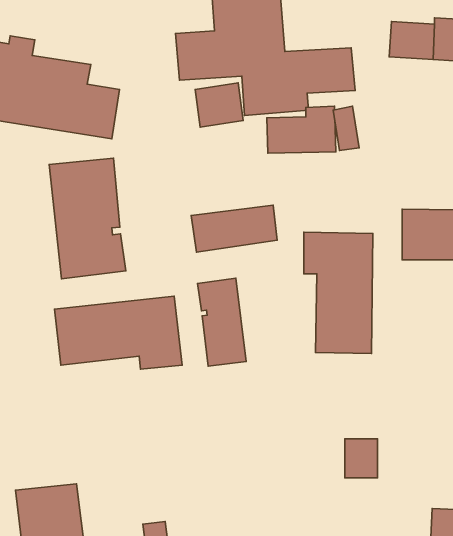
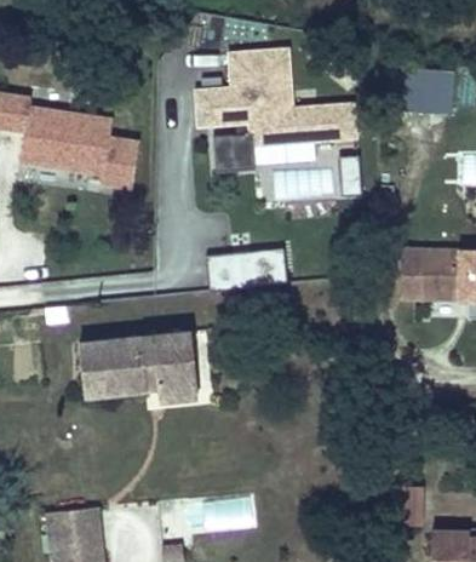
building: [49,158,126,279] -> none
building: [304,232,373,353] -> none
building: [198,278,246,366] -> none
building: [345,439,377,478] -> [394,486,424,522]

